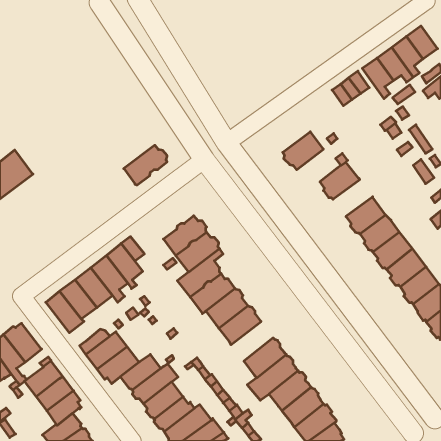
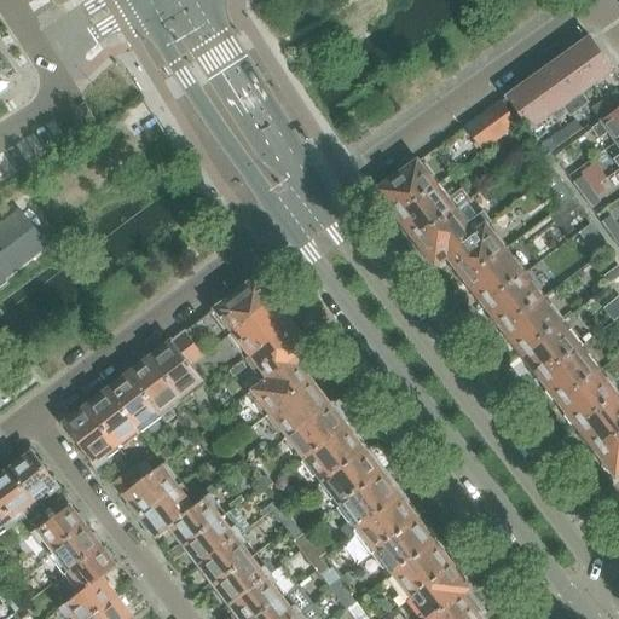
building: none -> [377,161,434,213]
building: [124,145,167,185] -> [210,278,271,334]
building: none -> [415,208,472,264]
building: none -> [465,250,521,302]
building: none -> [323,449,382,504]

